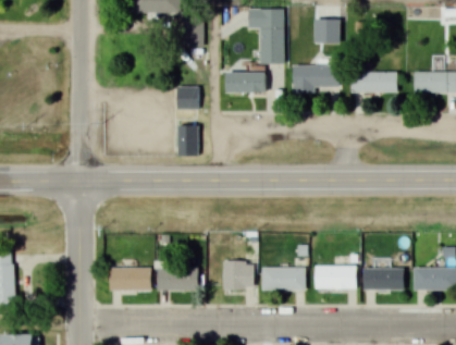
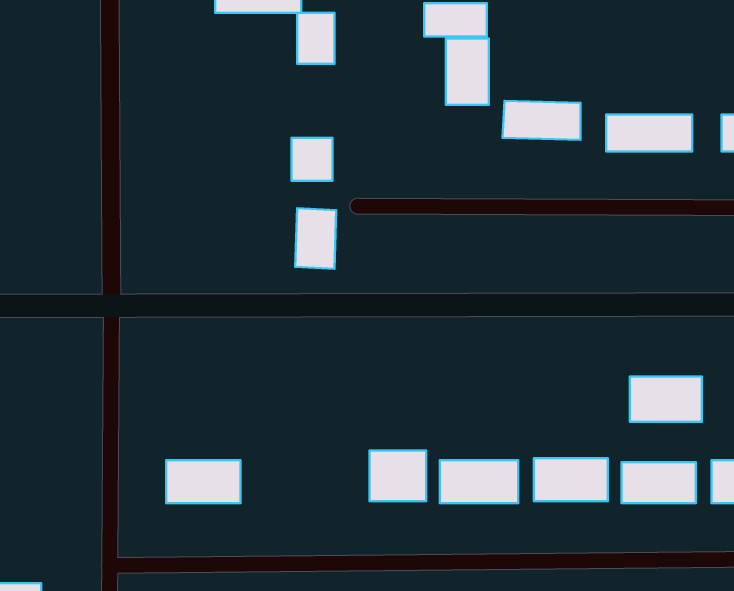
building: [318,21,341,46] -> none
building: [229,73,269,99] -> none
building: none -> [630,377,702,422]
building: [155,264,196,288] -> none

